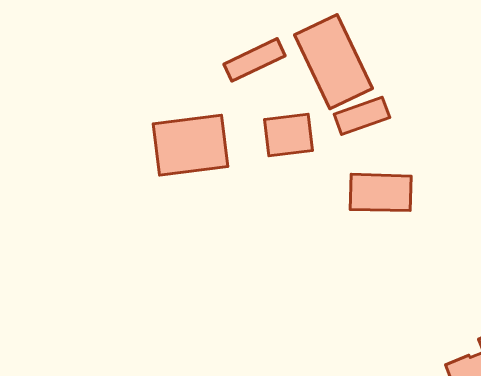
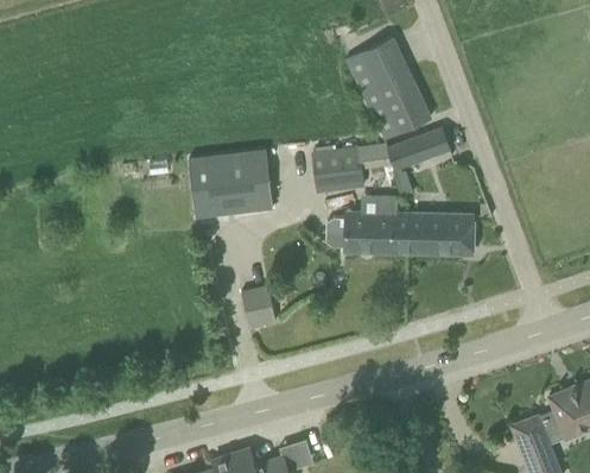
building: [224,39,285,81] -> none
building: none -> [326,196,407,253]
building: none -> [241,285,275,328]

